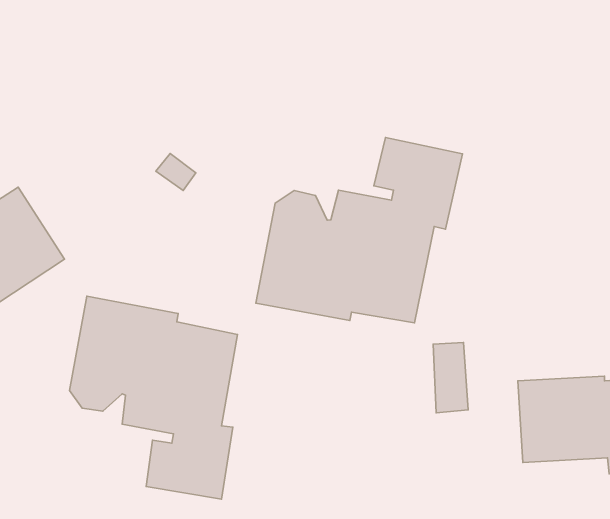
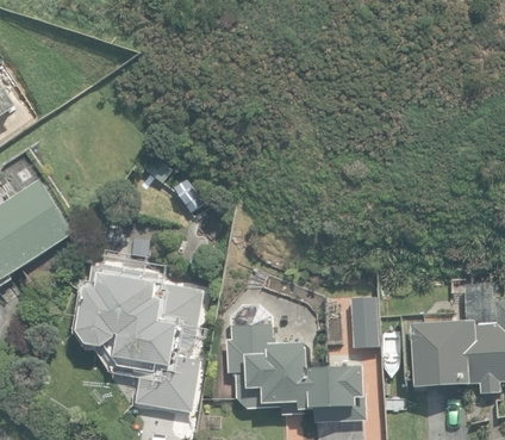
building: [256,138,462,323] -> none
building: none -> [226,322,367,422]

